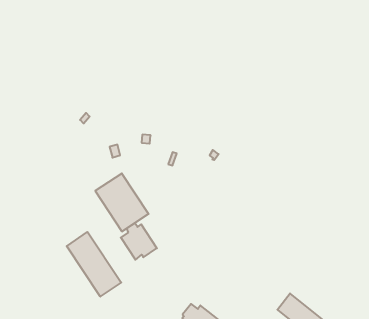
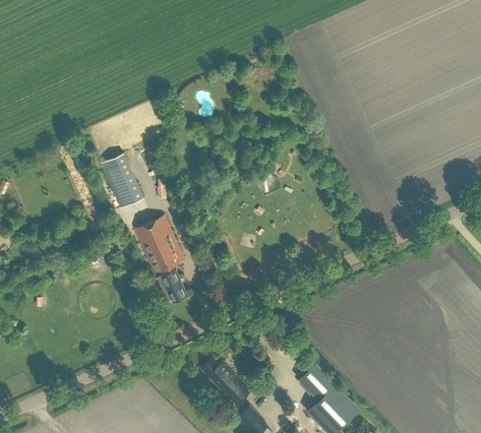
building: none -> [102,152,145,208]
building: [67,232,121,297] -> none

